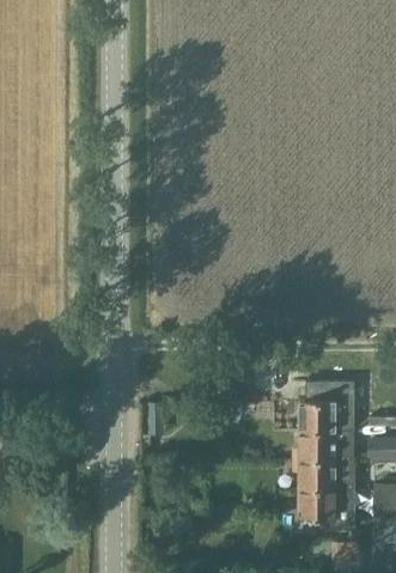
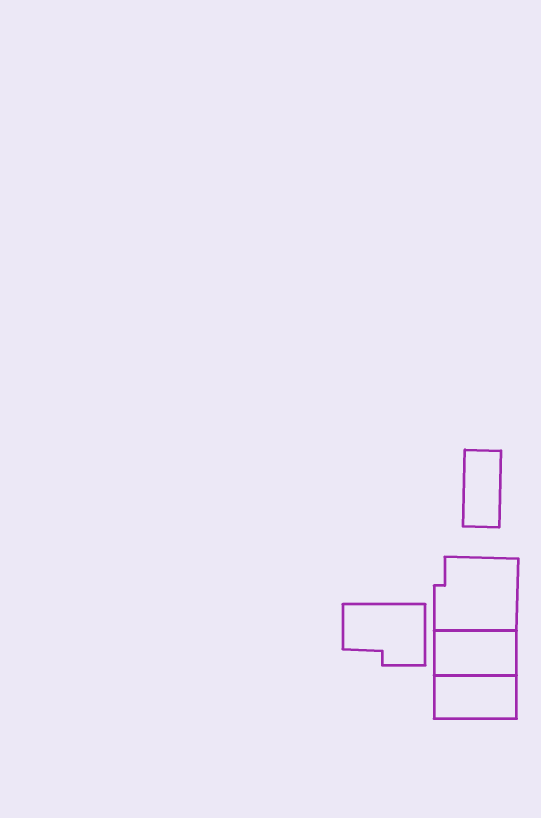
building: none -> [463,450,501,527]
building: [298,488,353,529] -> [343,604,425,665]

